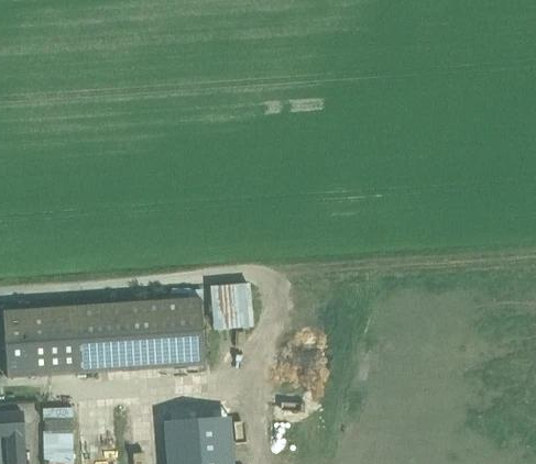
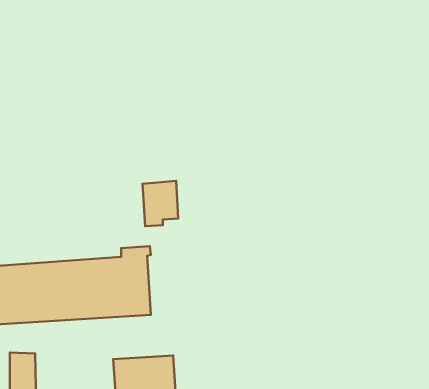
building: [211,283,252,334] -> [142,181,178,226]

